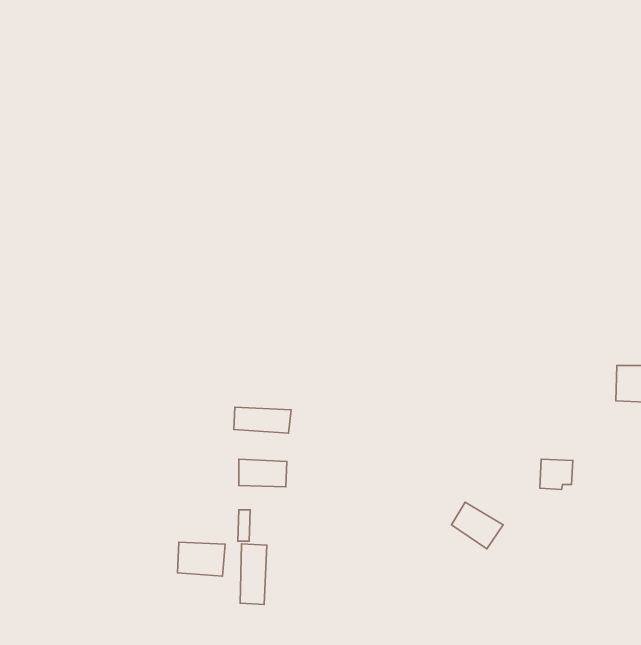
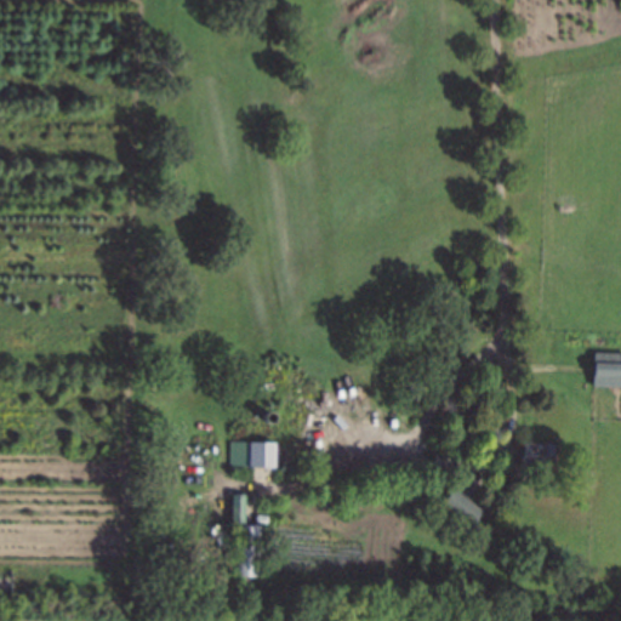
building: [234,407,291,433] -> none
building: [177,542,225,576] -> none

